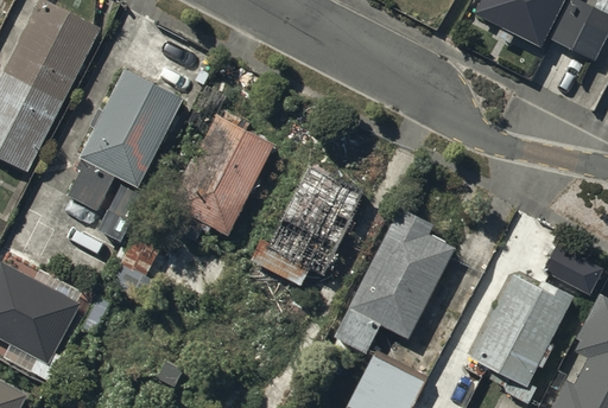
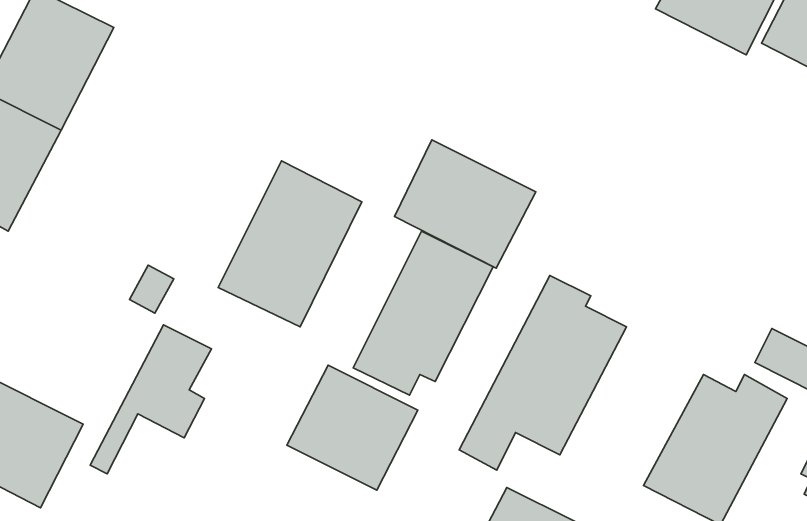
building: [70,81,182,213] -> none
building: none -> [394,140,536,268]
building: none -> [287,365,418,490]

